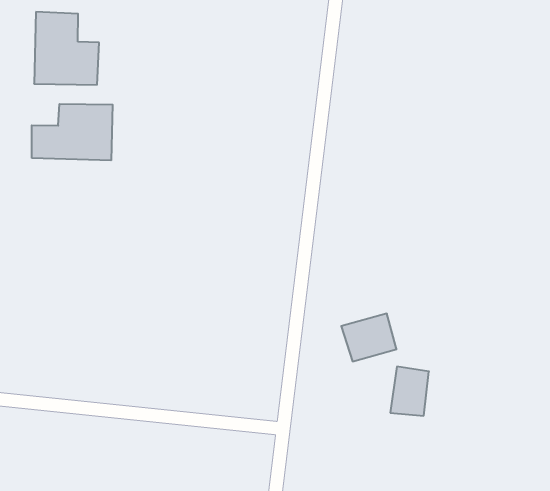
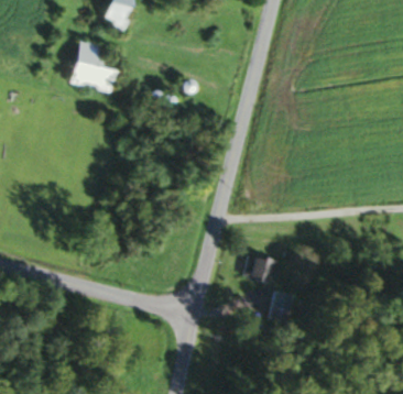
building: [32,104,113,160] -> none

